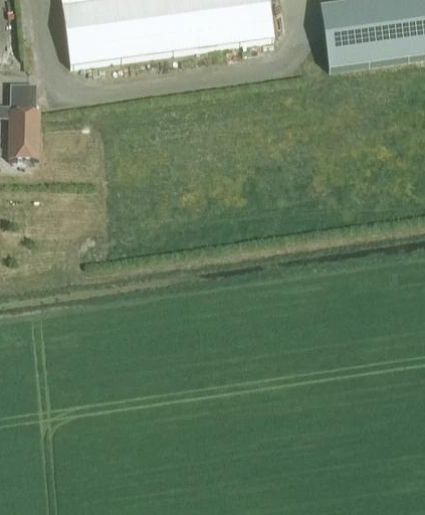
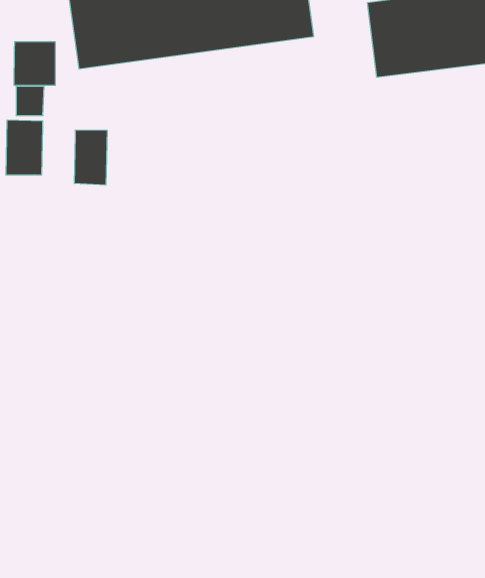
building: none -> [14,41,55,85]
building: none -> [74,130,107,185]

